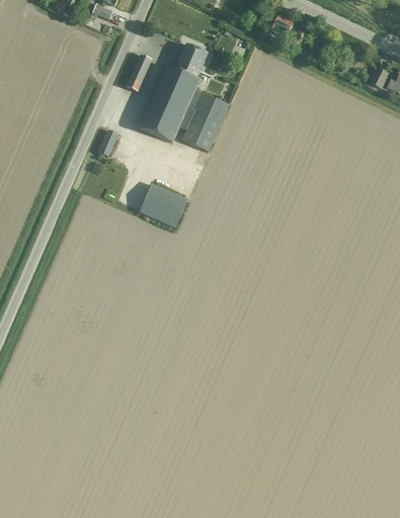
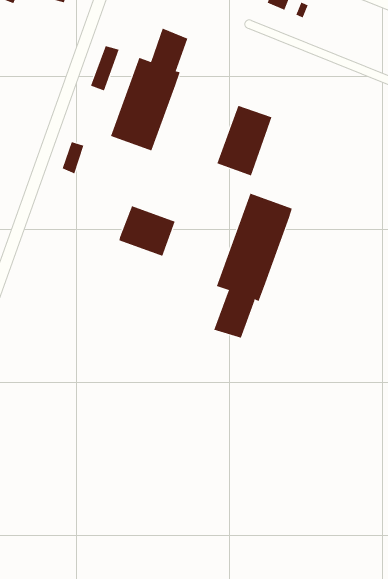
building: [181,93,229,151] -> [216,105,273,176]
building: none -> [213,193,293,338]

